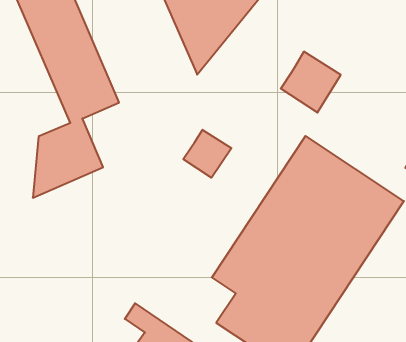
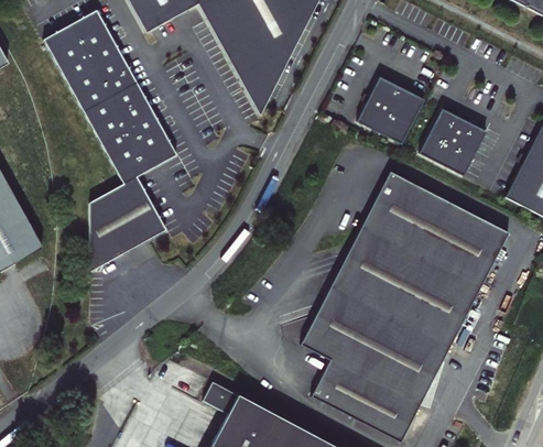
building: none -> [419,109,486,176]
building: [183,130,231,178] -> none

